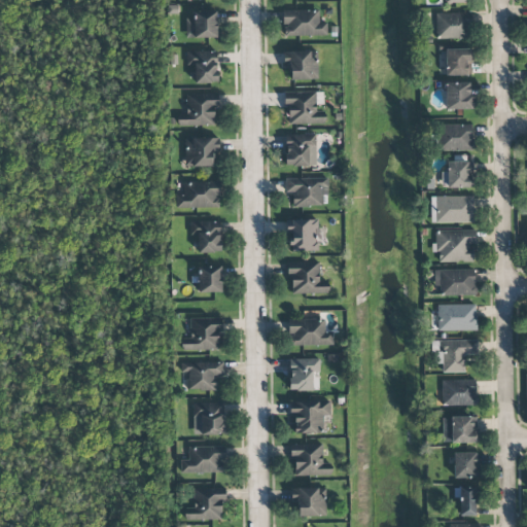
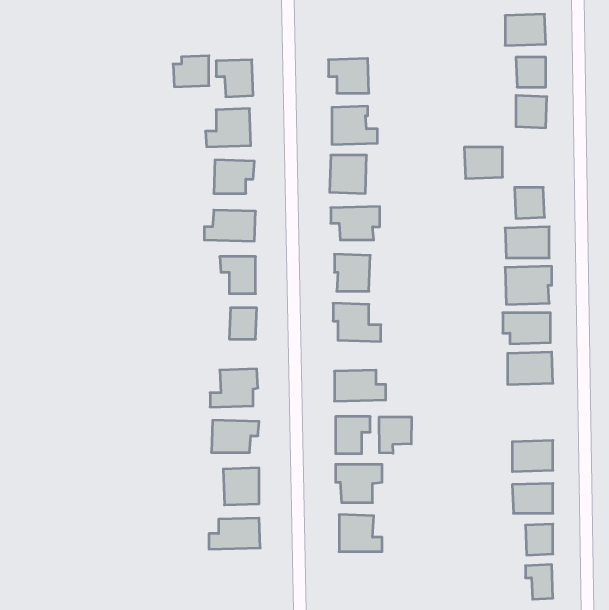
building: [284,9,328,36] -> none
building: [186,11,217,38] -> [173,56,209,87]
building: [441,125,473,151] -> [464,147,503,178]
building: [443,341,478,373] -> none
building: none -> [379,417,411,453]
building: [291,487,327,517] -> none
building: [186,489,224,521] -> none

